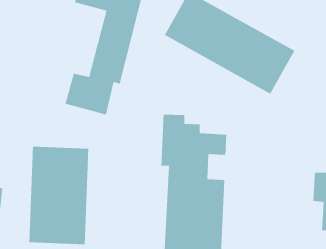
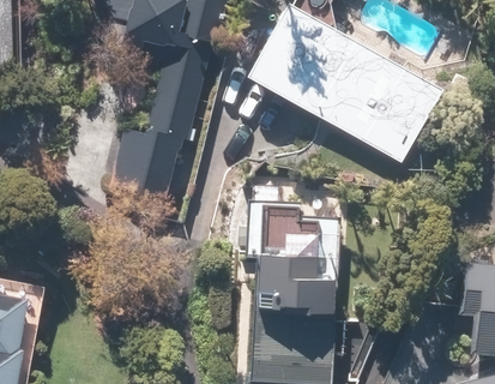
building: [28,146,89,245] -> none

